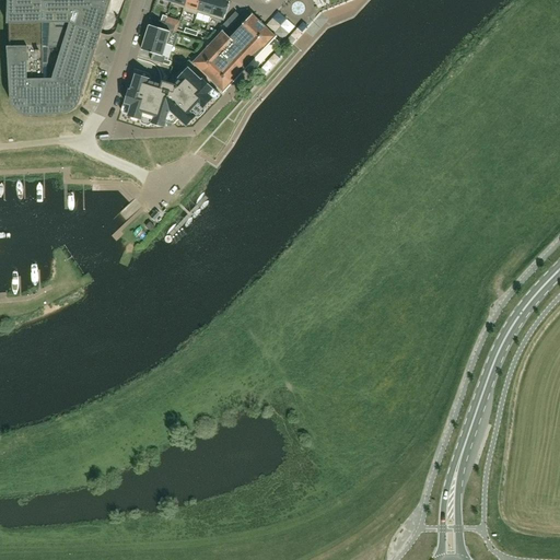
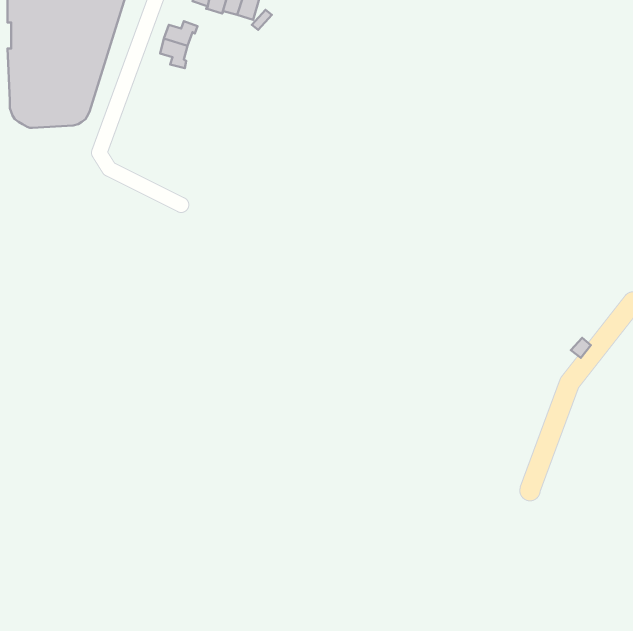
building: [191,11,275,89] -> none
building: [125,66,211,122] -> none

